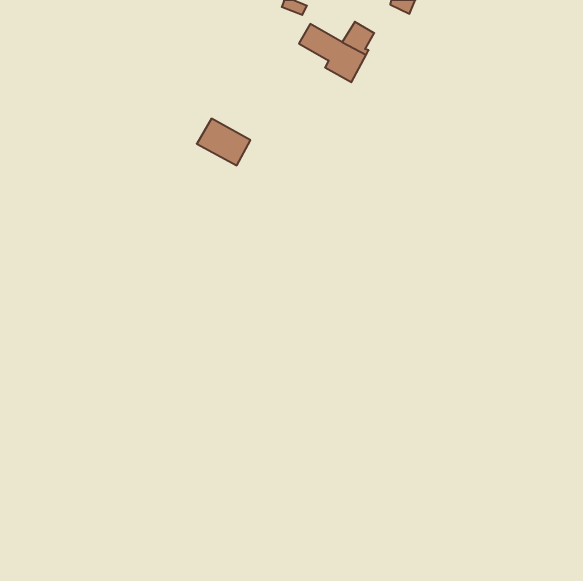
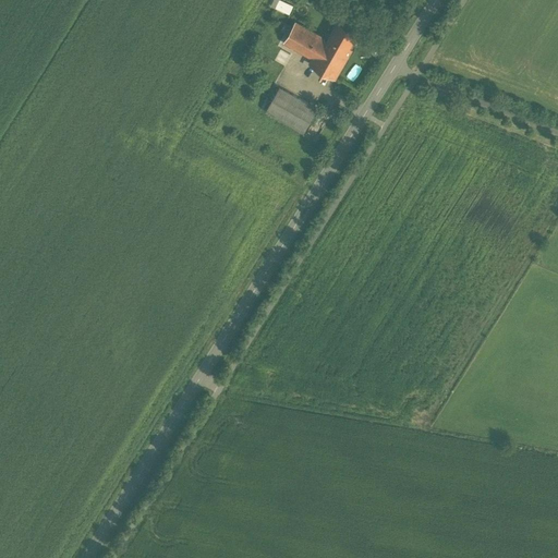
building: [197,119,250,165] -> [263,92,314,136]

